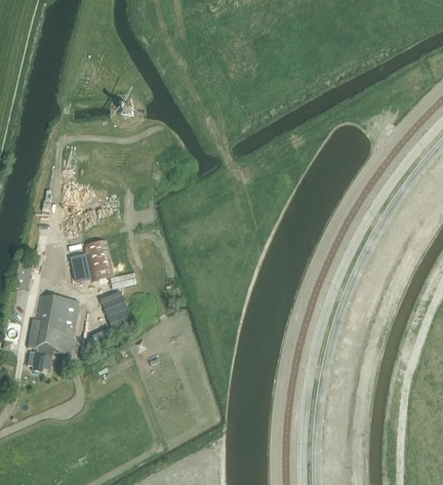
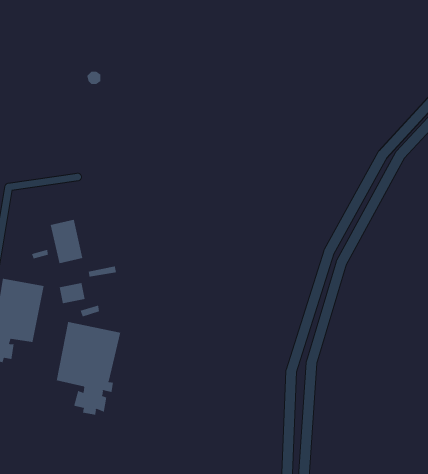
building: none -> [56,321,121,415]

